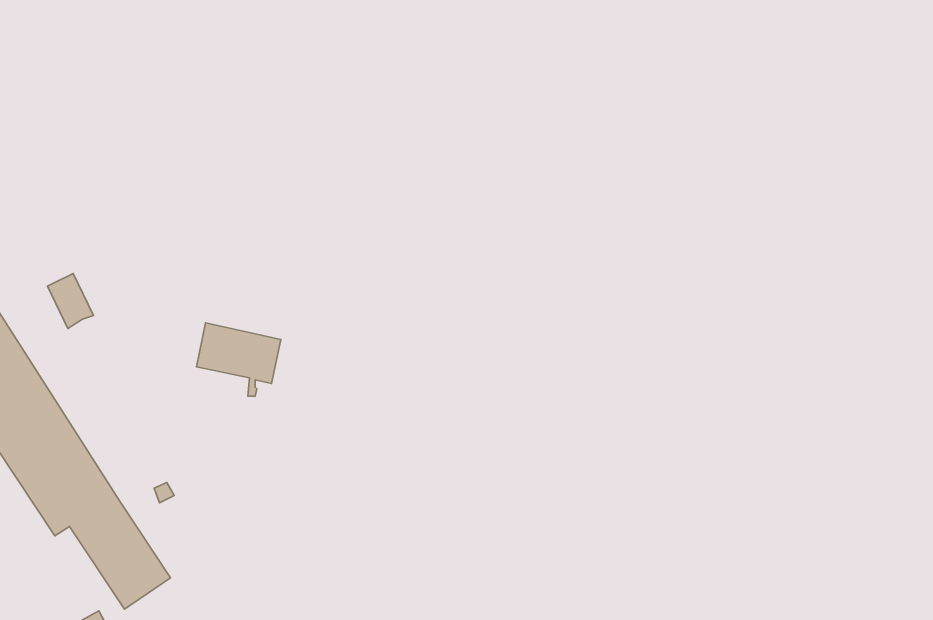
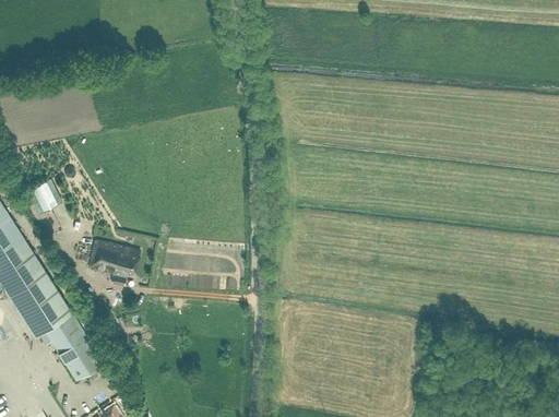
building: [196,323,281,396] -> [90,240,140,284]

